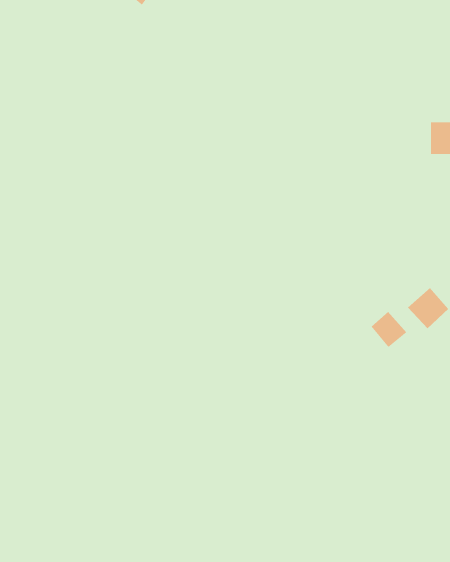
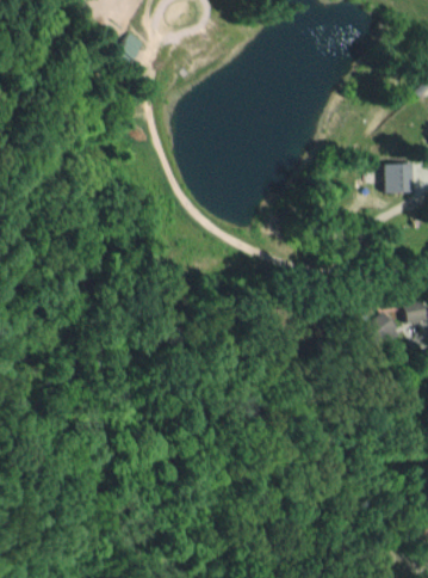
building: [371,311,407,348] -> none

